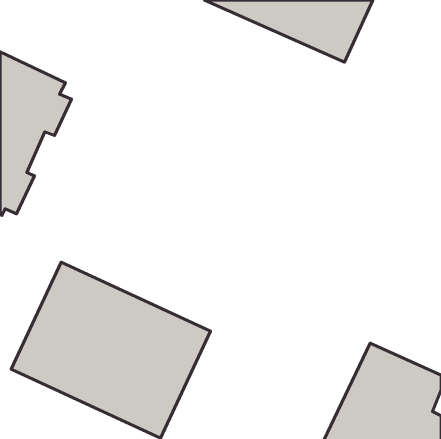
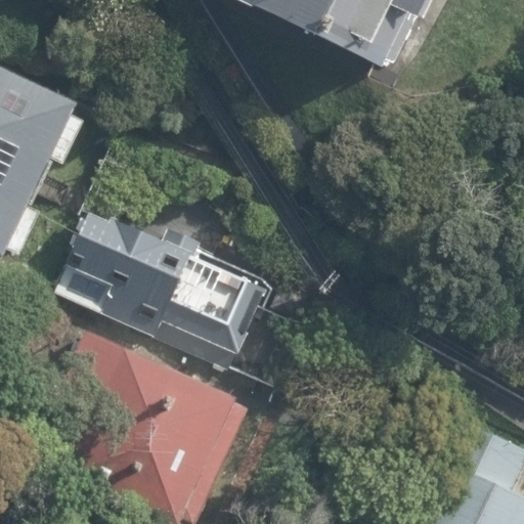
building: none -> [52,207,267,370]

